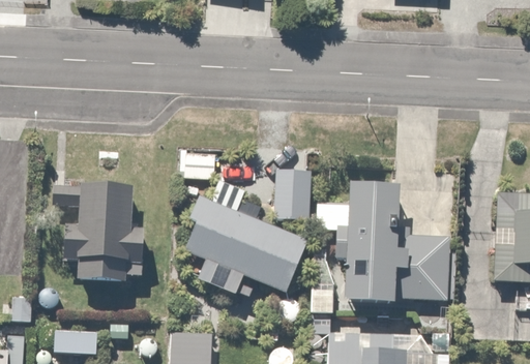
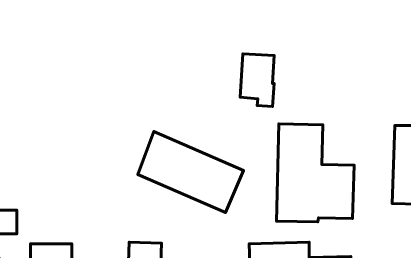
building: [271,165,313,230] -> [240,54,274,106]
building: [49,184,146,286] -> none

